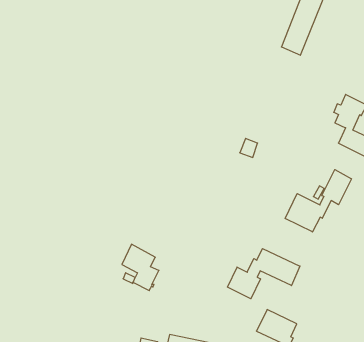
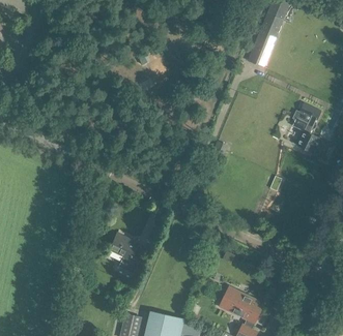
building: [285,170,351,232] -> none
building: [228,249,300,299] -> none

